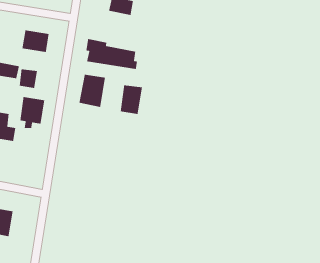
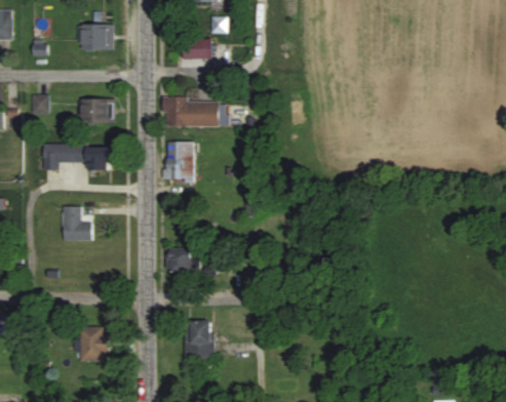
building: [120,84,143,115] -> none
building: [19,96,45,129] -> none
building: none -> [166,247,198,272]
building: none -> [184,322,212,362]

